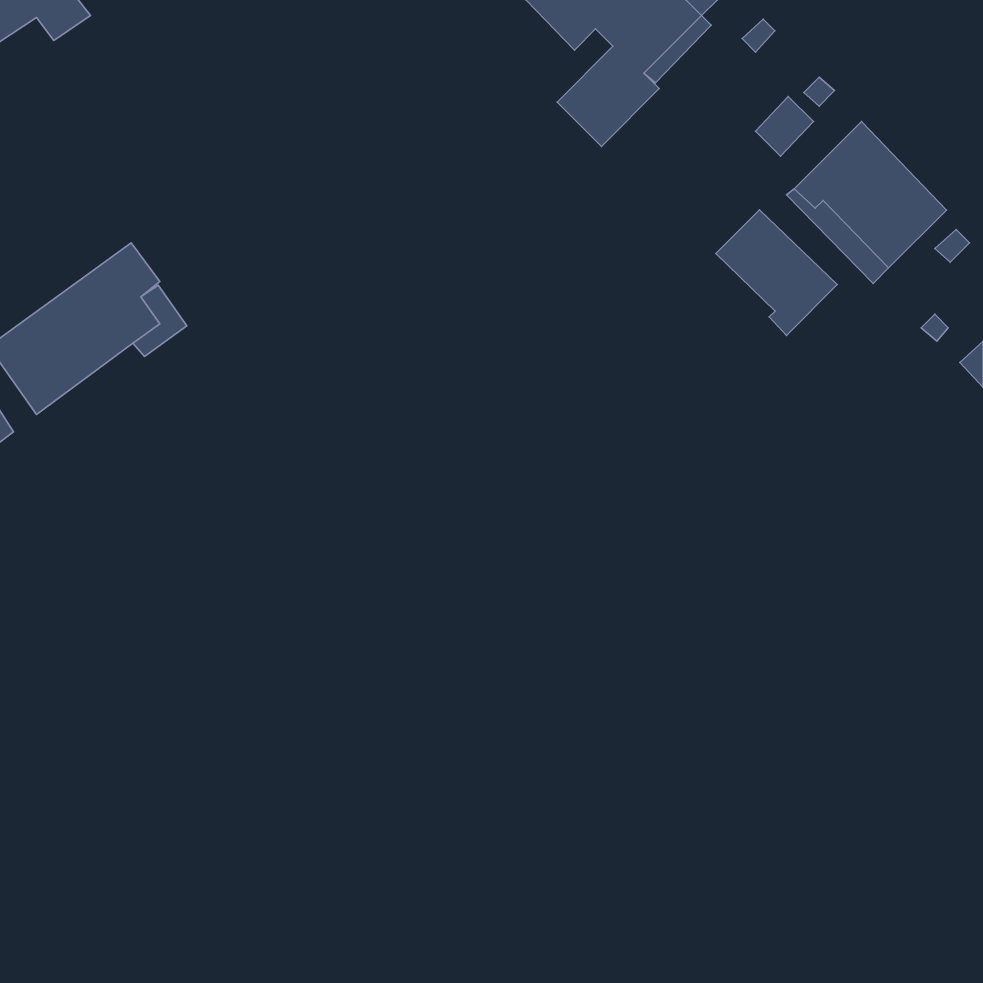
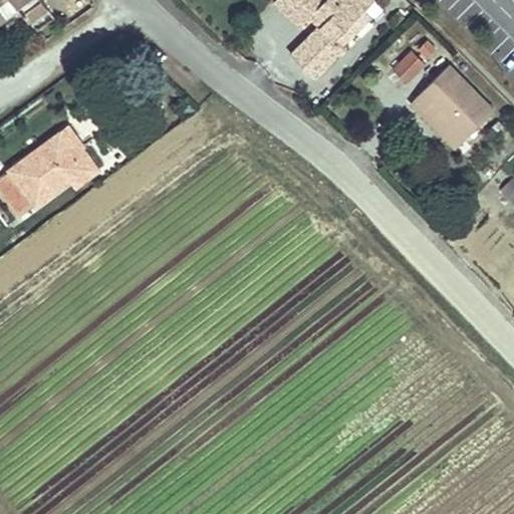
building: [716,210,837,335] -> none

